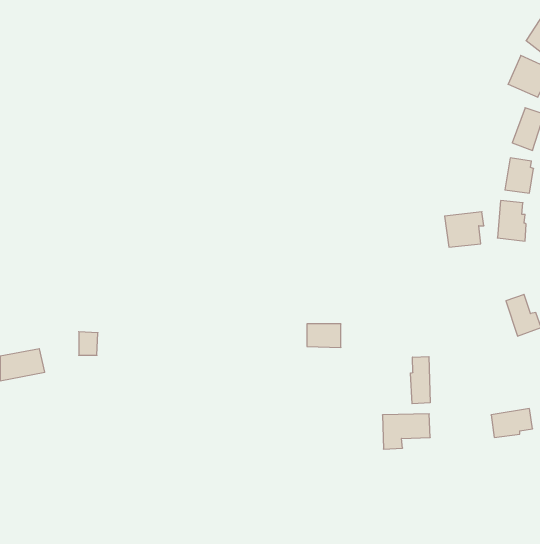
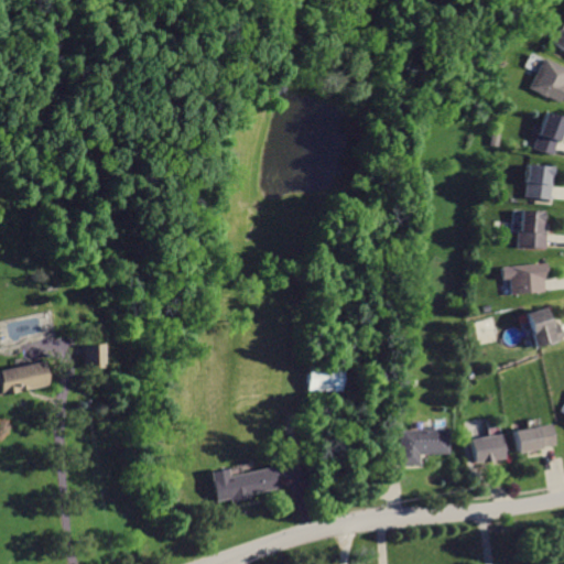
building: [445,212,484,247] -> [509,259,550,295]
building: [307,324,341,347] -> [308,367,344,391]
building: [410,357,430,404] -> none
building: none -> [471,434,507,464]
building: none -> [212,467,278,503]

